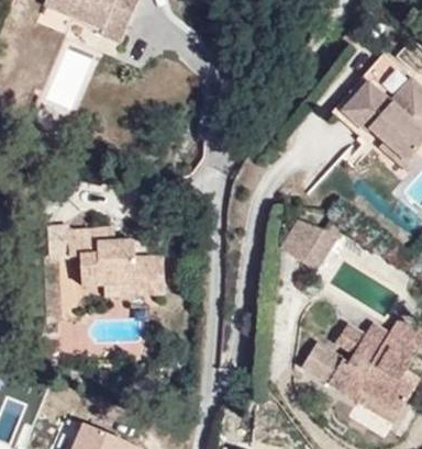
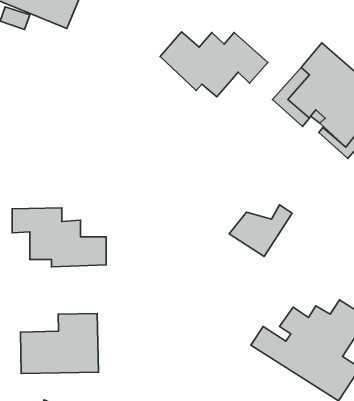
building: none -> [160,32,268,97]
building: none -> [20,314,98,374]

